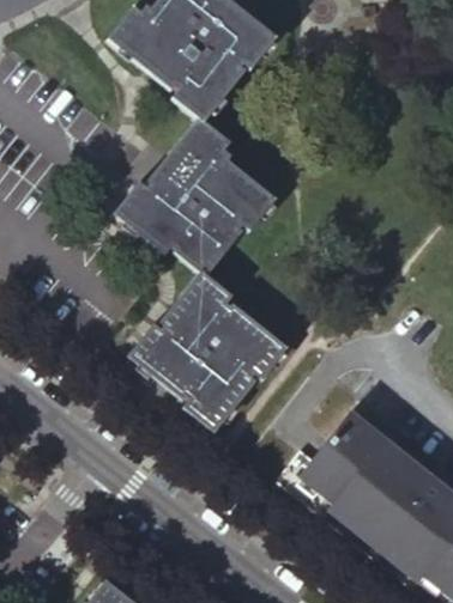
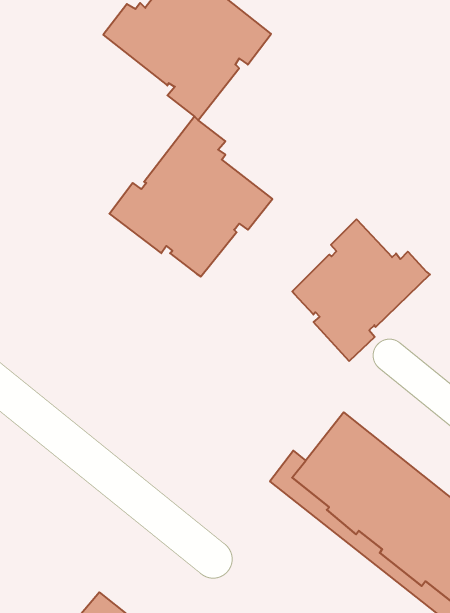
building: none -> [292,219,430,361]
building: [132,272,288,430] -> none

